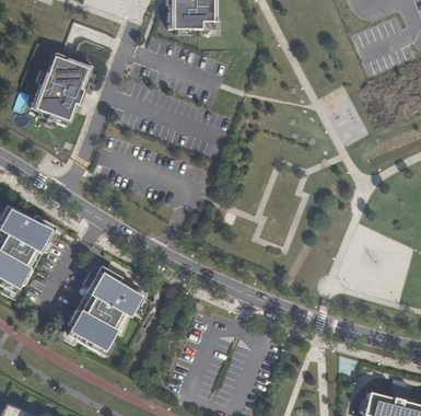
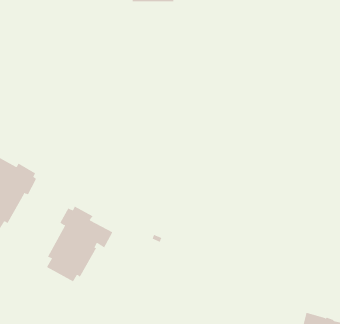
building: [28,51,89,125] -> none

